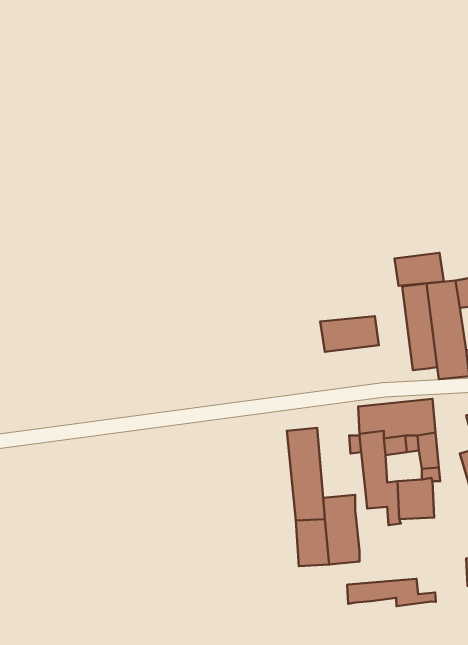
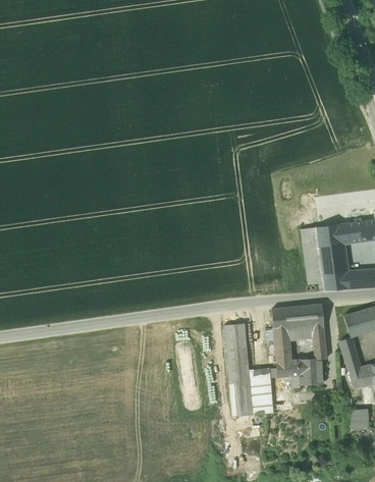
building: [395,253,444,286] -> none
building: [320,316,379,352] -> none
building: [347,579,436,606] -> none

